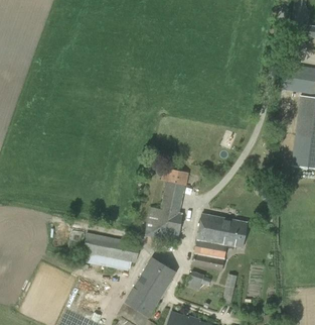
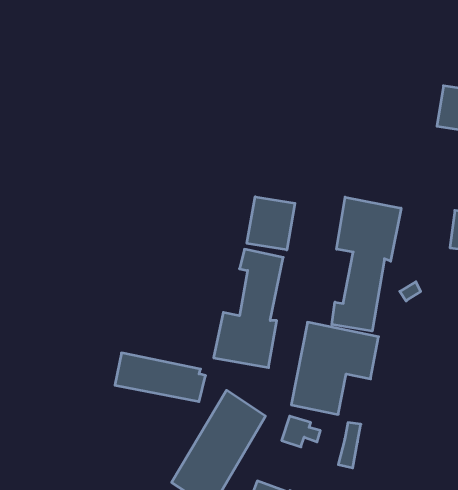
building: none -> [247,197,295,250]
building: none -> [332,197,401,331]

